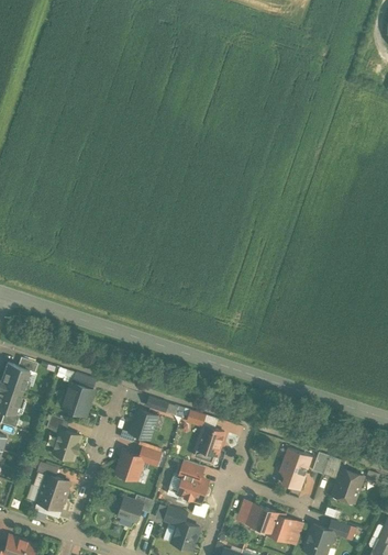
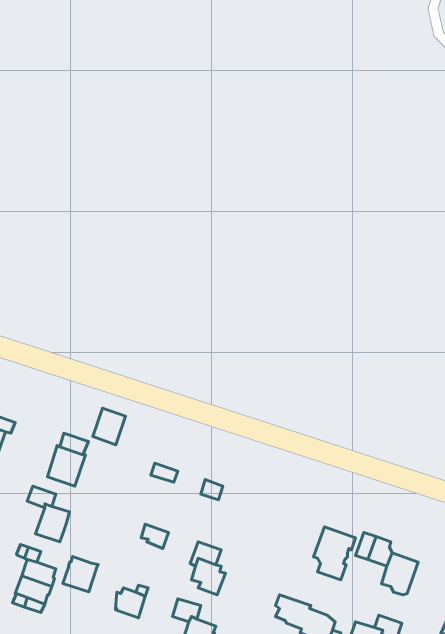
building: [130,410,156,440] -> [93,408,125,445]
building: [197,426,224,456] -> none
building: [115,452,144,480] -> [63,556,98,592]

